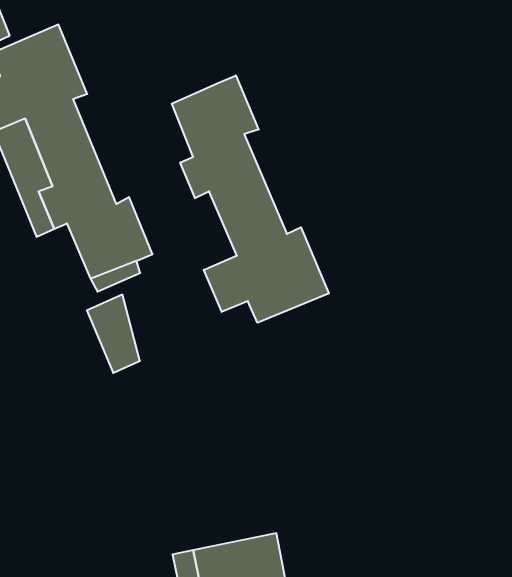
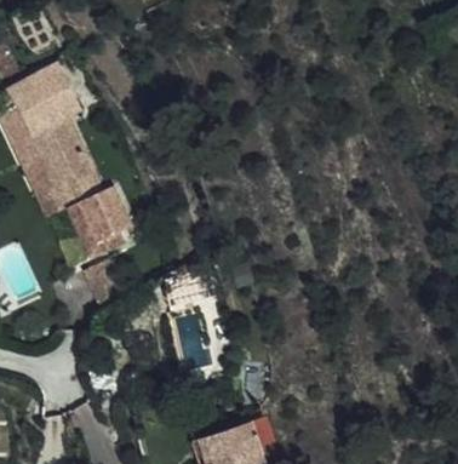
building: [172,75,329,323] -> none

